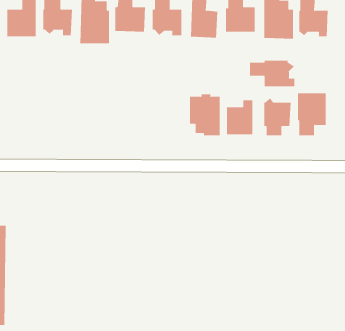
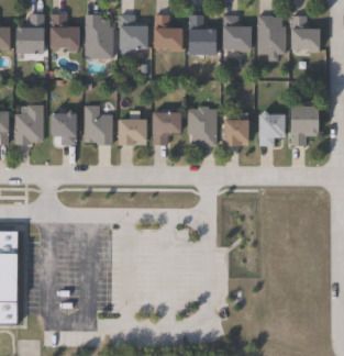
building: [249,60,295,87] -> none
building: none -> [15,103,44,143]
building: none -> [85,104,113,144]
building: none -> [49,107,75,144]
building: none -> [151,110,180,144]
building: none -> [118,118,145,144]

